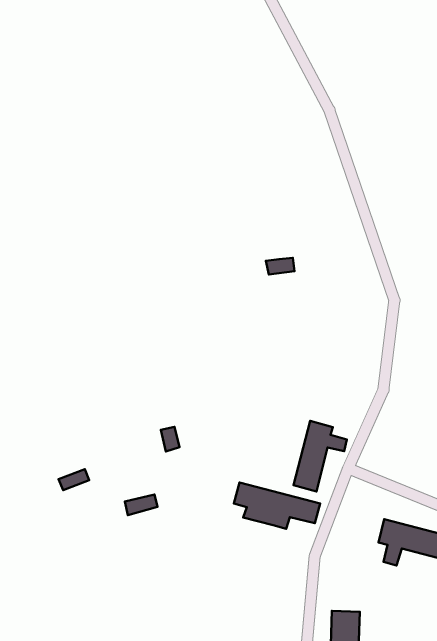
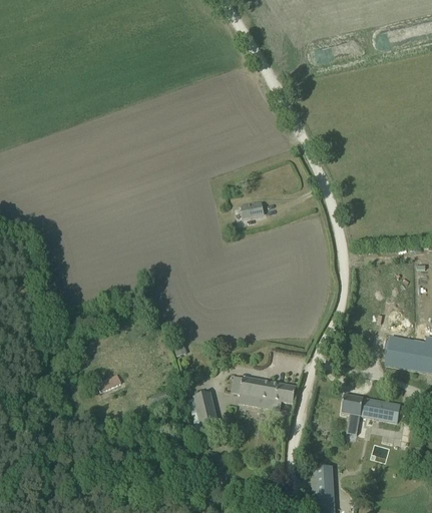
building: [294,421,347,491] -> none
building: none -> [192,392,219,430]

